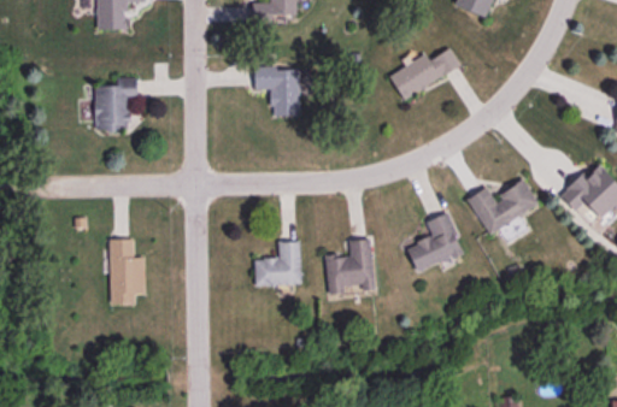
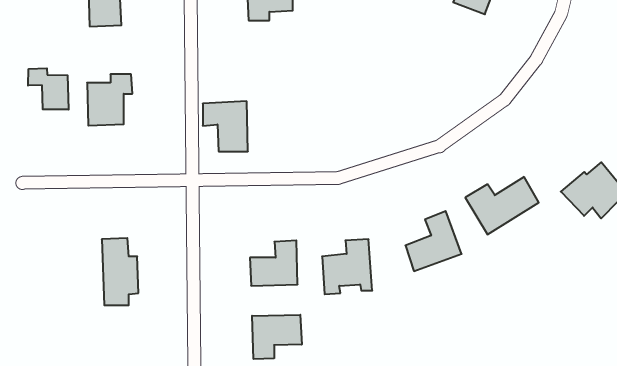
building: [389,48,460,99] -> none
building: [255,66,300,116] -> [203,101,248,151]
building: none -> [28,68,69,110]
building: none -> [252,315,302,359]

